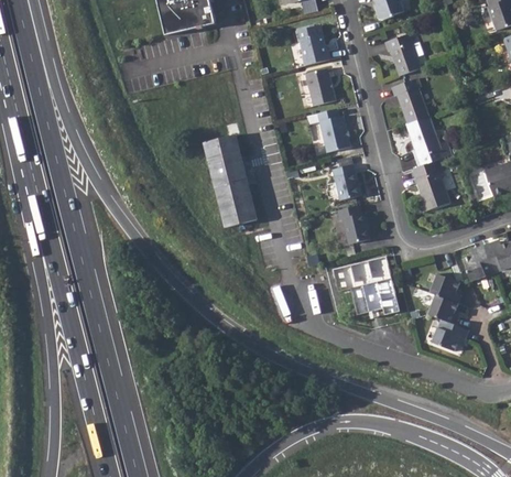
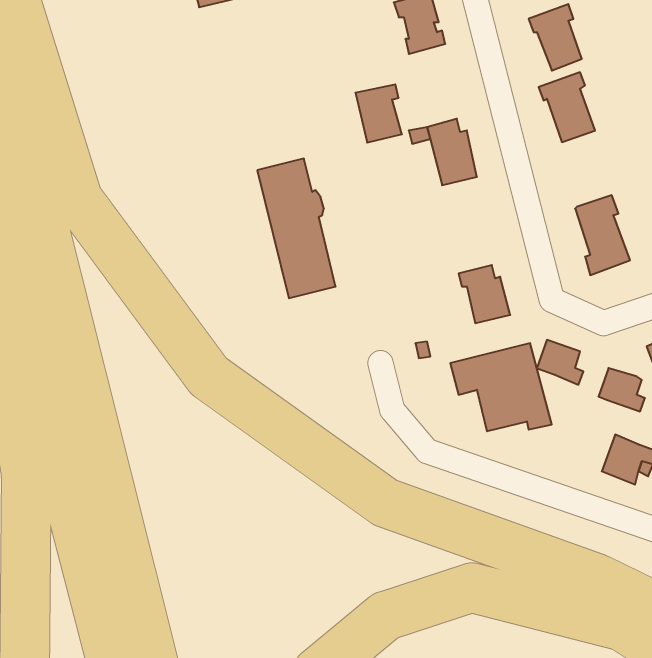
building: [305,67,336,106] -> [355,84,402,143]
building: [404,116,454,166] -> none
building: [333,163,362,200] -> none
building: [430,294,460,324] -> [537,340,583,385]

